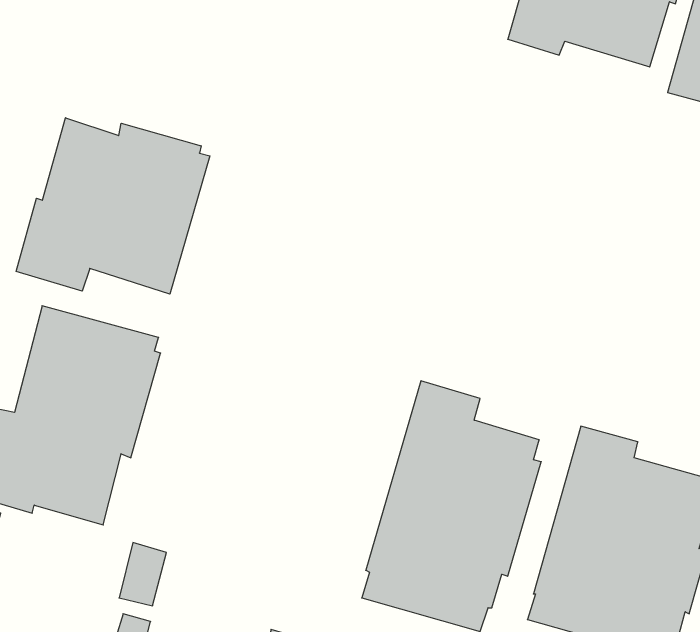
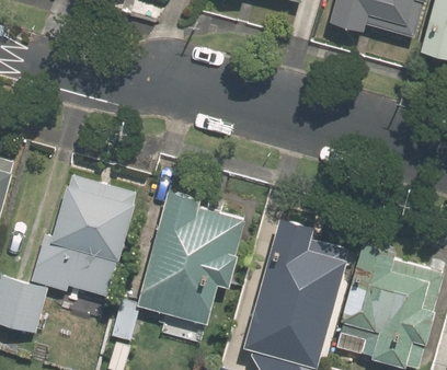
building: [16,118,210,294] -> none
building: none -> [141,188,250,324]

